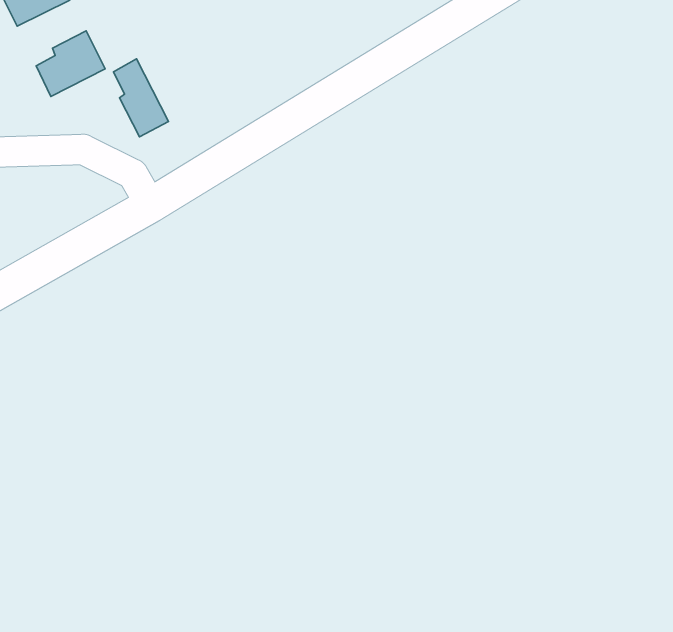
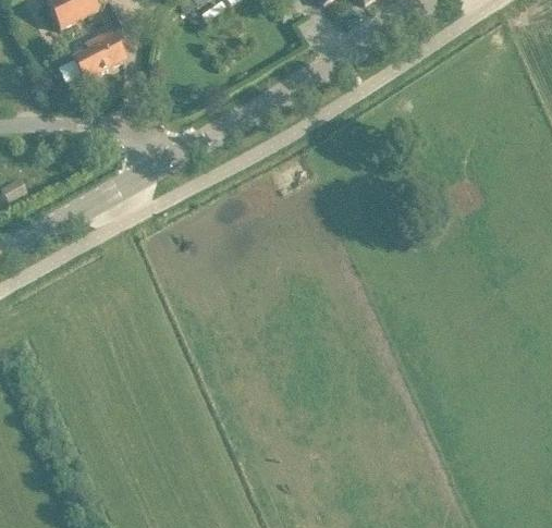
building: [113,59,168,137] -> none

